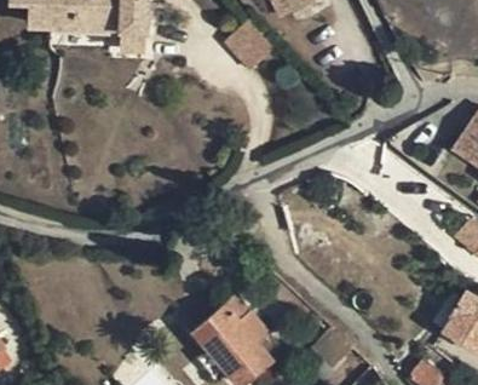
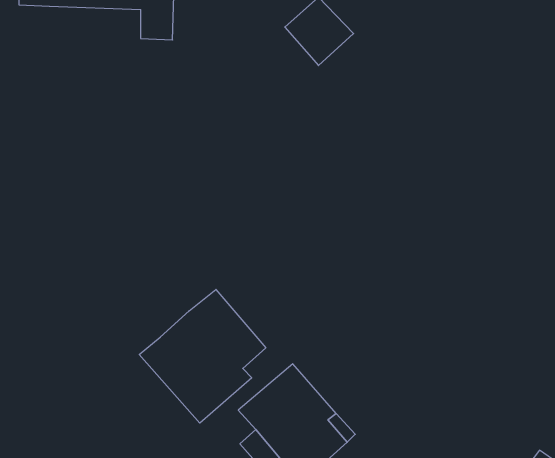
building: none -> [139,289,266,423]

